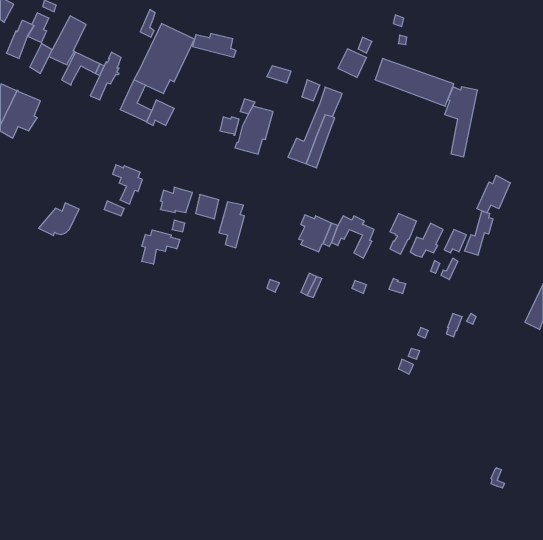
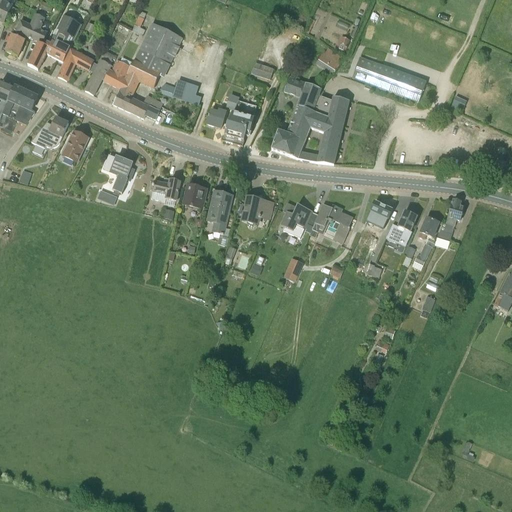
building: [193,34,236,57] -> [162,80,203,102]
building: none -> [104,59,131,88]
building: [445,87,478,157] -> [310,98,341,164]
building: none -> [62,130,88,160]
building: [477,175,510,213] -> none
building: [39,203,79,236] -> [31,116,69,147]
building: none -> [241,196,273,223]
building: [142,230,180,264] -> none

